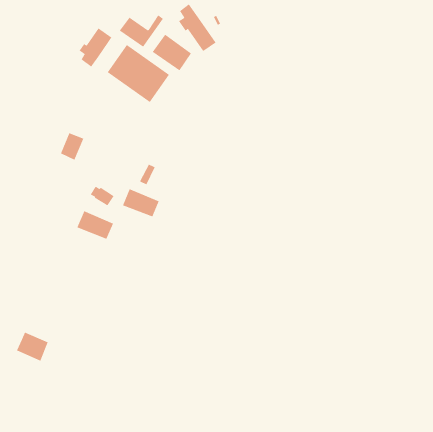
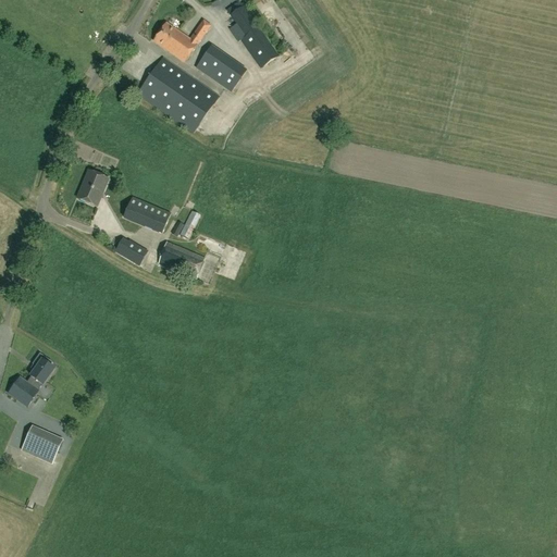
building: [79,28,112,68] -> none
building: [76,211,114,240] -> [122,196,170,233]
building: none -> [8,354,53,399]

